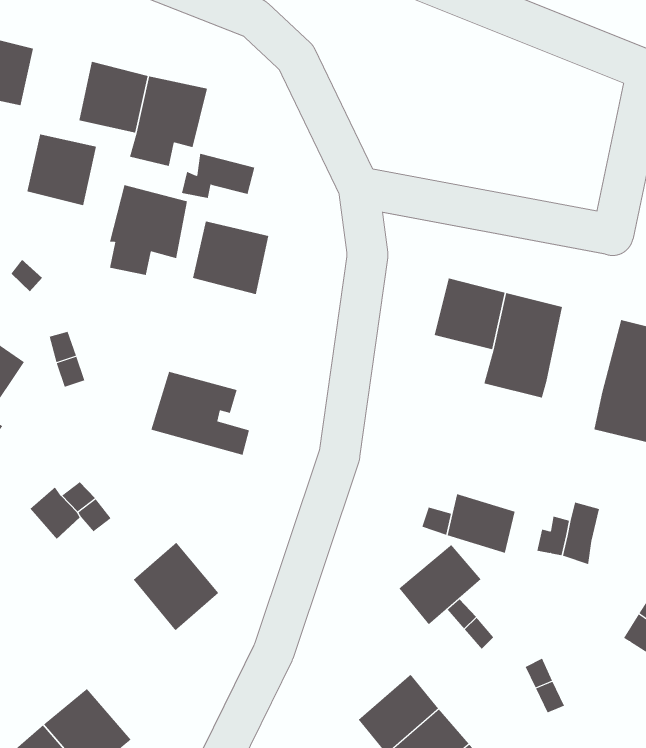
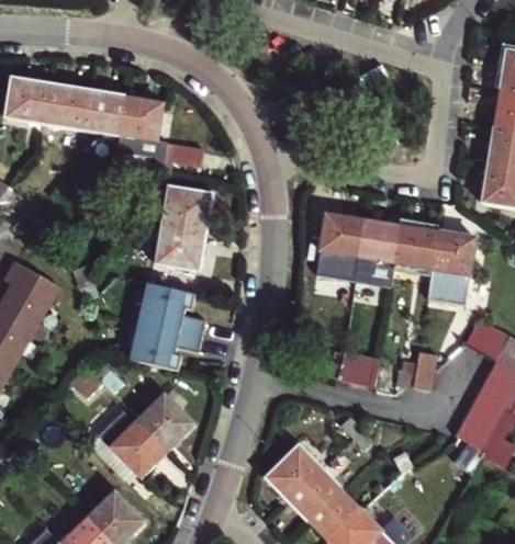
building: [27,134,97,206] -> [44,86,87,129]
building: [109,185,188,276] -> [155,225,203,282]
building: none -> [393,226,437,279]
building: none -> [134,324,202,371]
building: [399,544,482,625] -> [267,446,320,499]
building: none -> [97,407,167,477]

